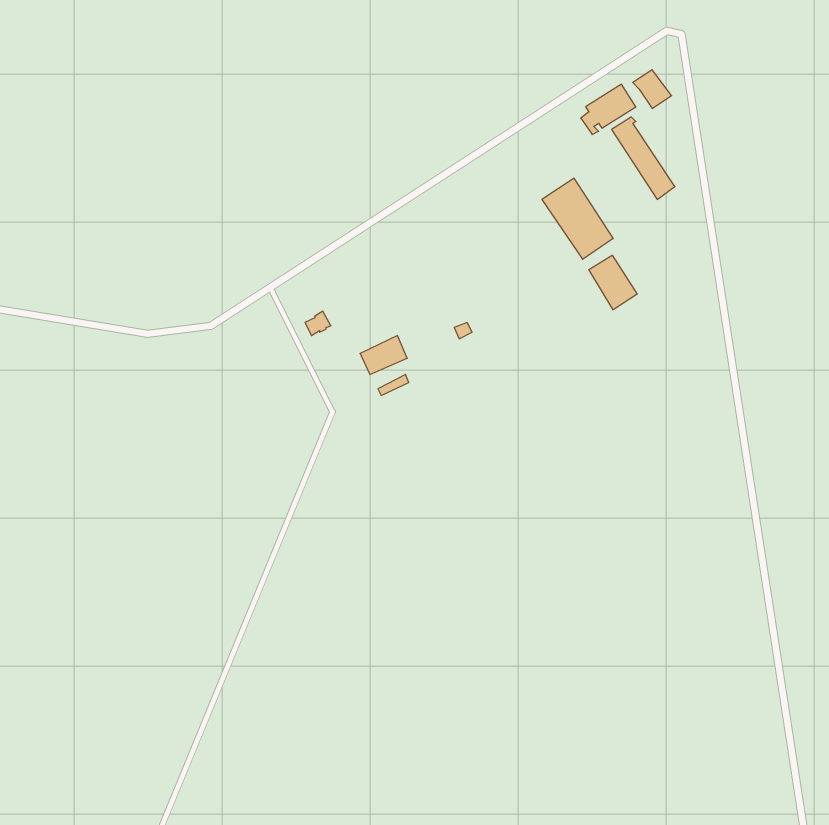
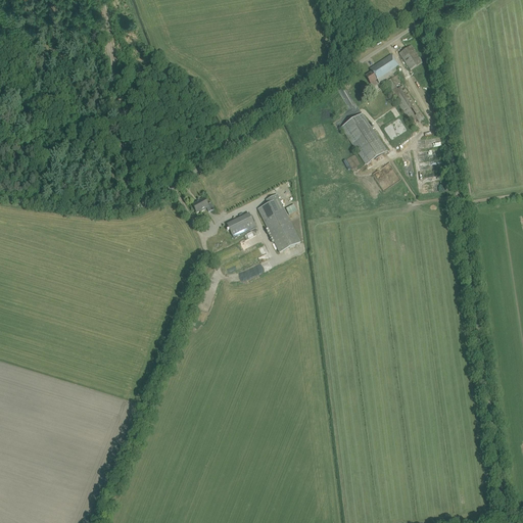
building: [589,255,637,310] -> none
building: none -> [257,193,300,251]

